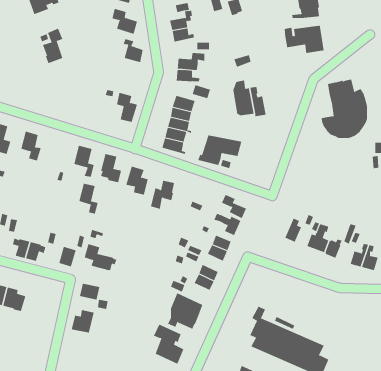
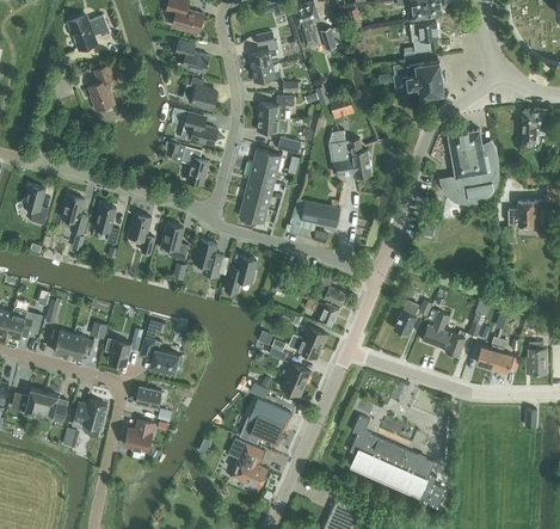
building: none -> [183,111,216,144]
building: [79,183,98,214] -> [93,204,118,244]
building: none -> [72,400,105,427]

